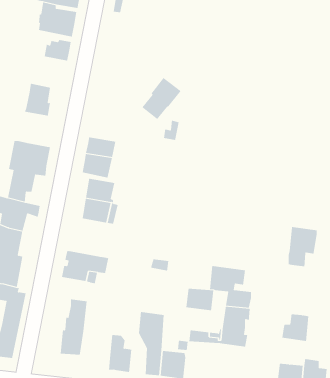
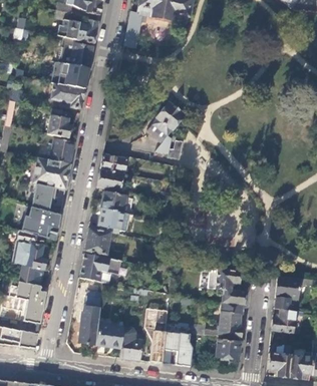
building: none -> [54,84,84,109]
building: none -> [49,138,74,164]
building: none -> [83,229,113,260]
building: [288,227,318,267] -> [274,276,300,311]
building: [185,288,214,311] -> [215,340,240,360]
building: none -> [95,325,122,349]

